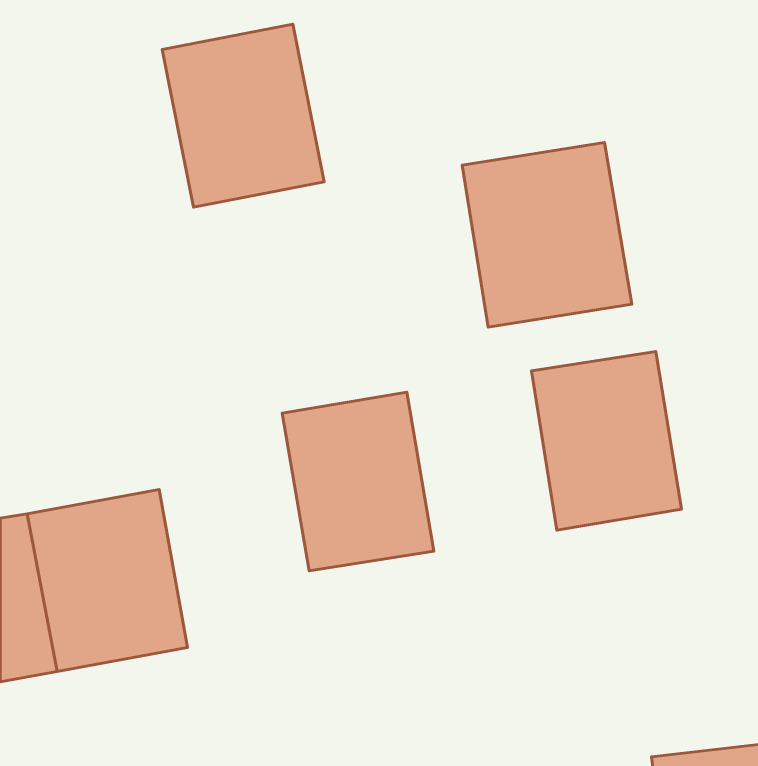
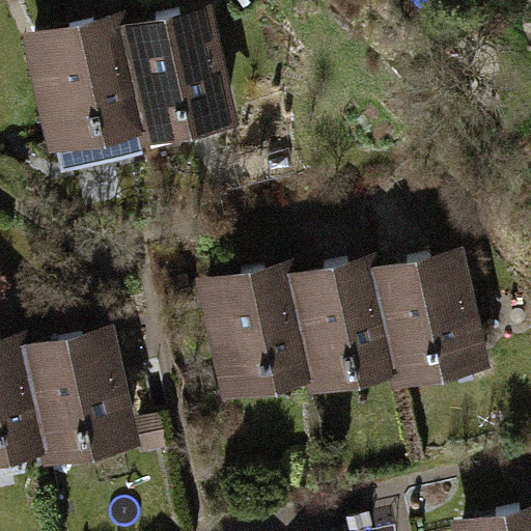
building: none -> [28,35,140,161]
building: [462,143,632,327] -> none
building: none -> [287,257,391,382]

